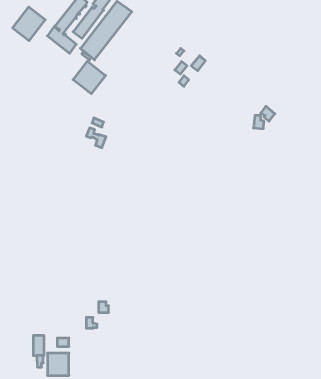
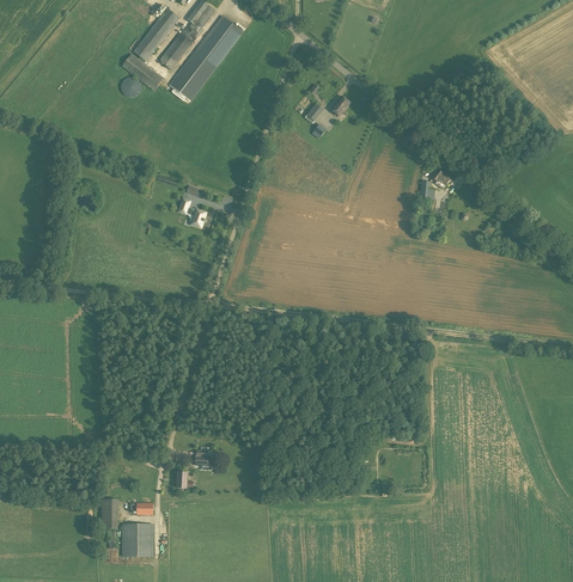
building: [13,7,45,41] -> none
building: [73,61,106,94] -> none

